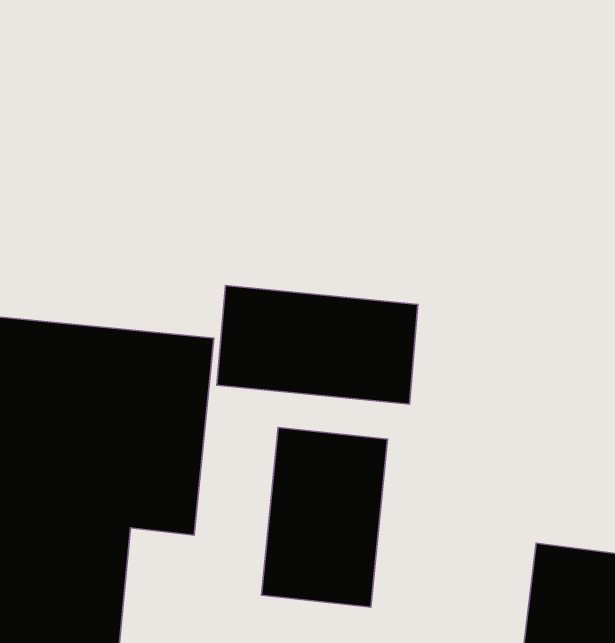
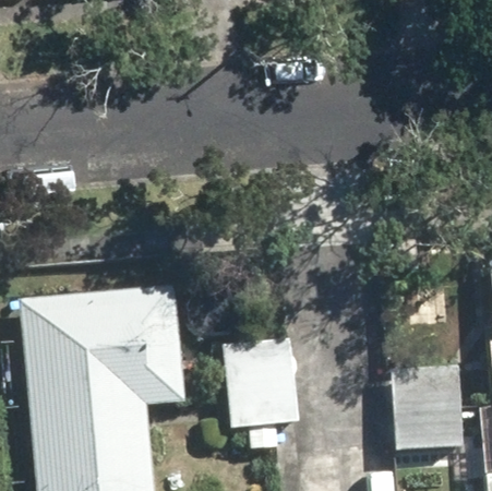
building: [217,286,418,404] -> none

